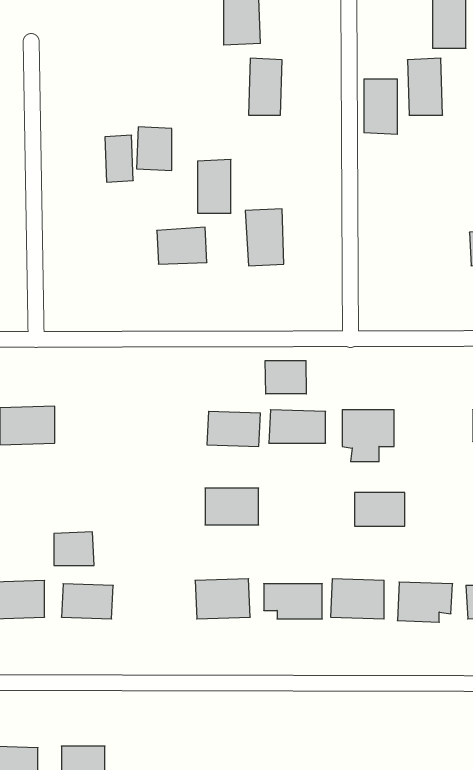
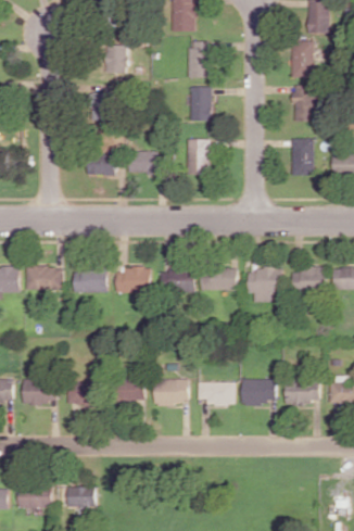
building: [364,79,397,134] -> [293,86,315,122]
building: [137,127,172,170] -> [104,45,127,73]
building: [198,159,231,213] -> [190,86,212,121]
building: none -> [291,138,314,175]
building: none -> [88,152,116,175]
building: [265,361,306,394] -> none
building: none -> [73,268,108,292]
building: [205,488,259,525] -> [116,268,151,292]
building: [355,493,405,526] -> [293,268,326,290]
building: [54,532,94,565] -> [118,379,144,401]

